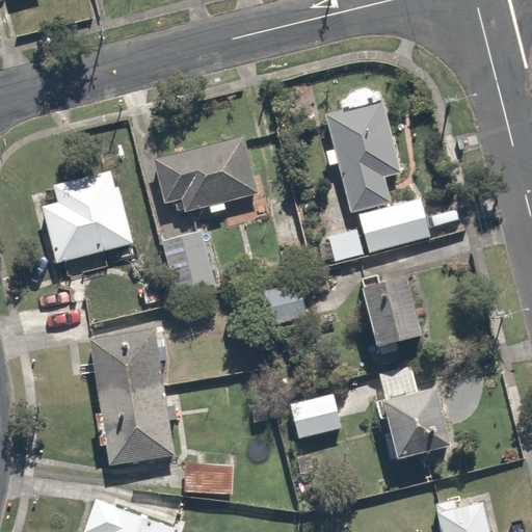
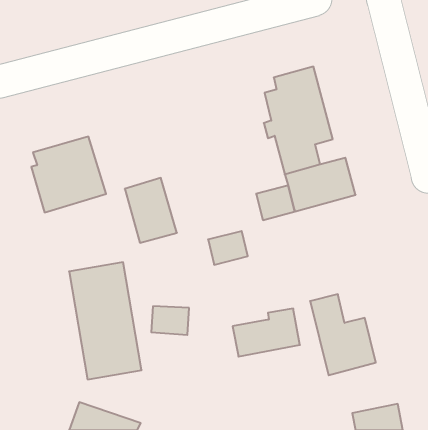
building: [149,140,257,216] -> none
building: [364,282,430,356] -> none
building: [181,460,228,496] -> [151,306,189,335]

